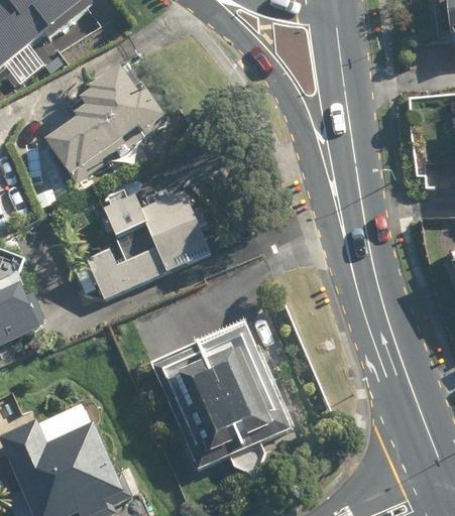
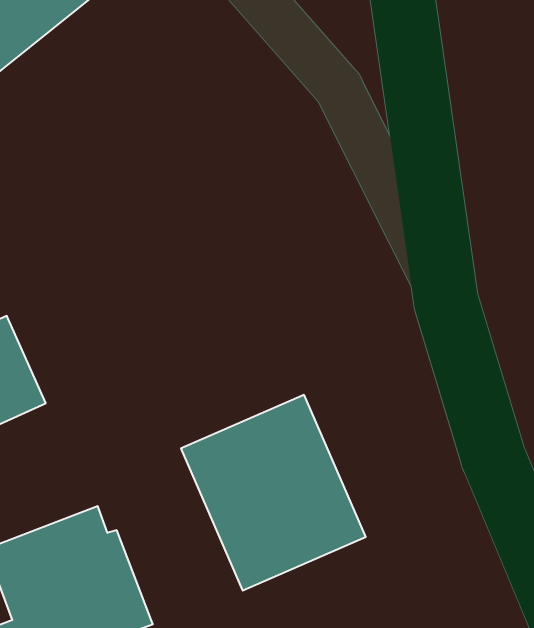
building: [50,64,167,172] -> none
building: [66,191,209,302] -> none

